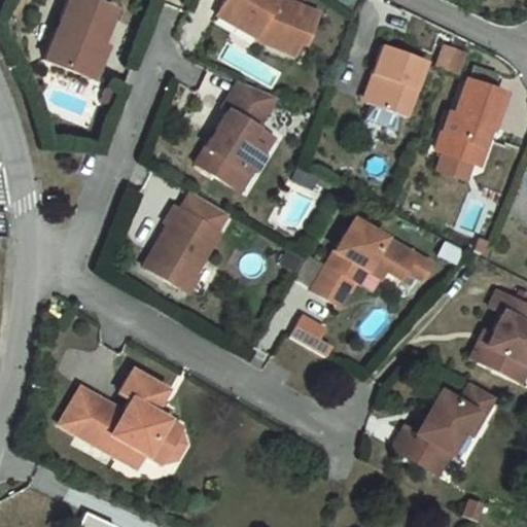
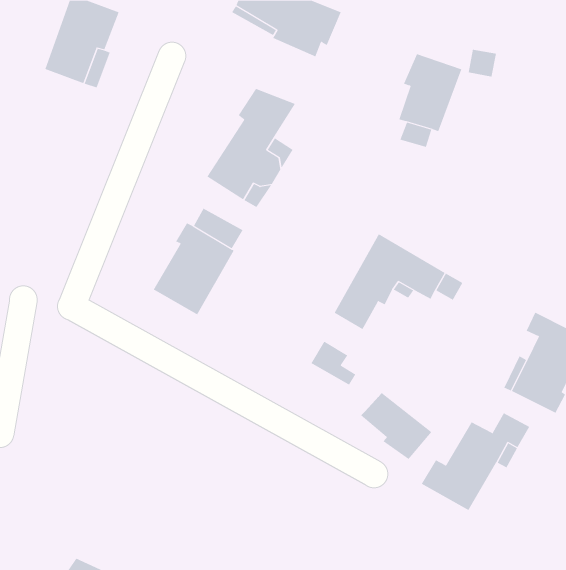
building: [437,86,510,171] -> none
building: none -> [360,392,432,460]
building: [62,367,186,460] -> none

